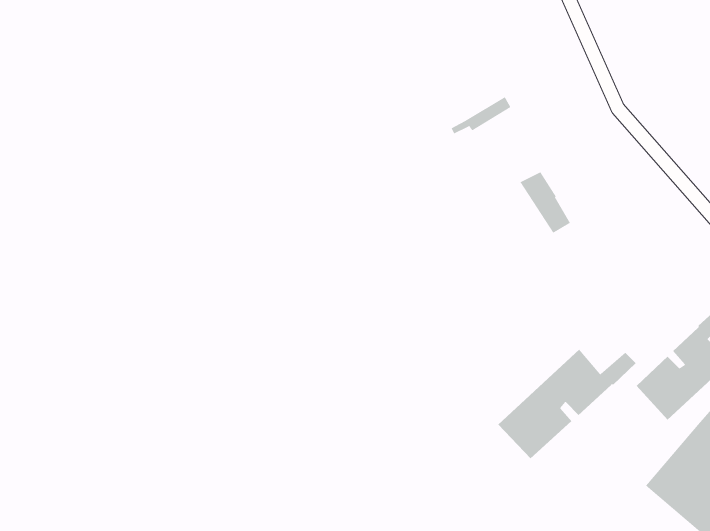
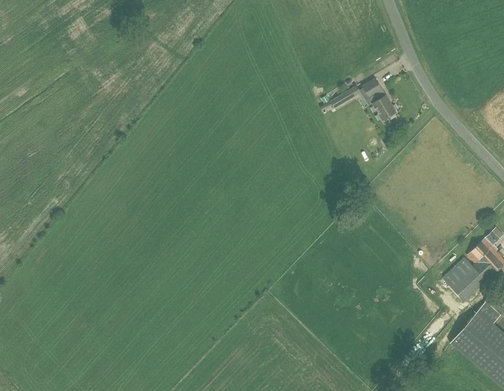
building: [520,172,571,233] -> [362,78,396,119]
building: [498,349,637,459] -> none

